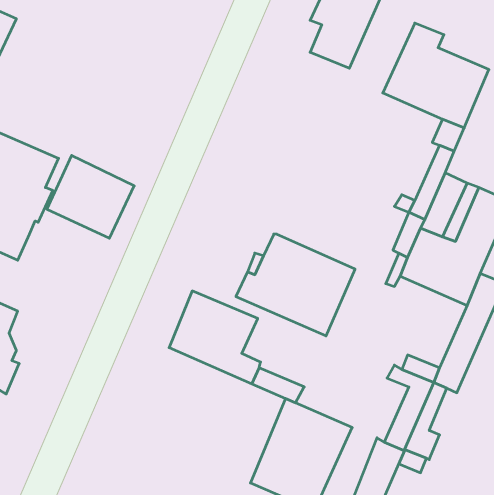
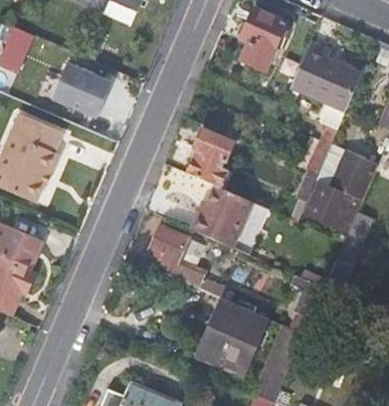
building: none -> [187,129,233,185]
building: [47,155,134,238] -> [53,61,114,119]

